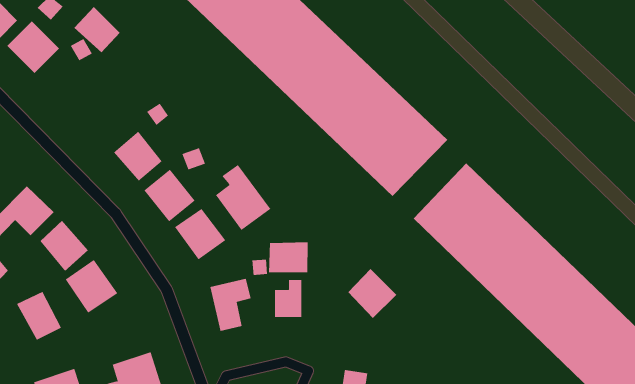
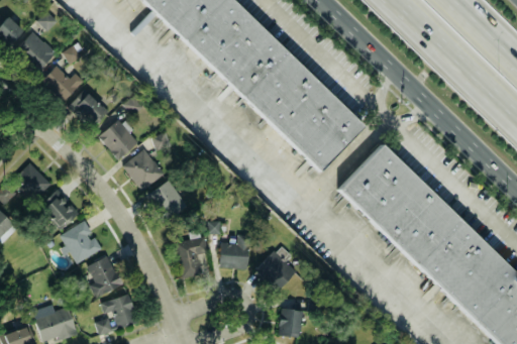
building: [74,6,120,53] -> [42,64,80,101]
building: none -> [70,89,108,127]
building: [215,164,271,231] -> none
building: [268,242,308,273] -> none
building: [348,268,397,319] -> [256,250,296,291]
building: [16,291,62,341] -> [87,255,123,295]

